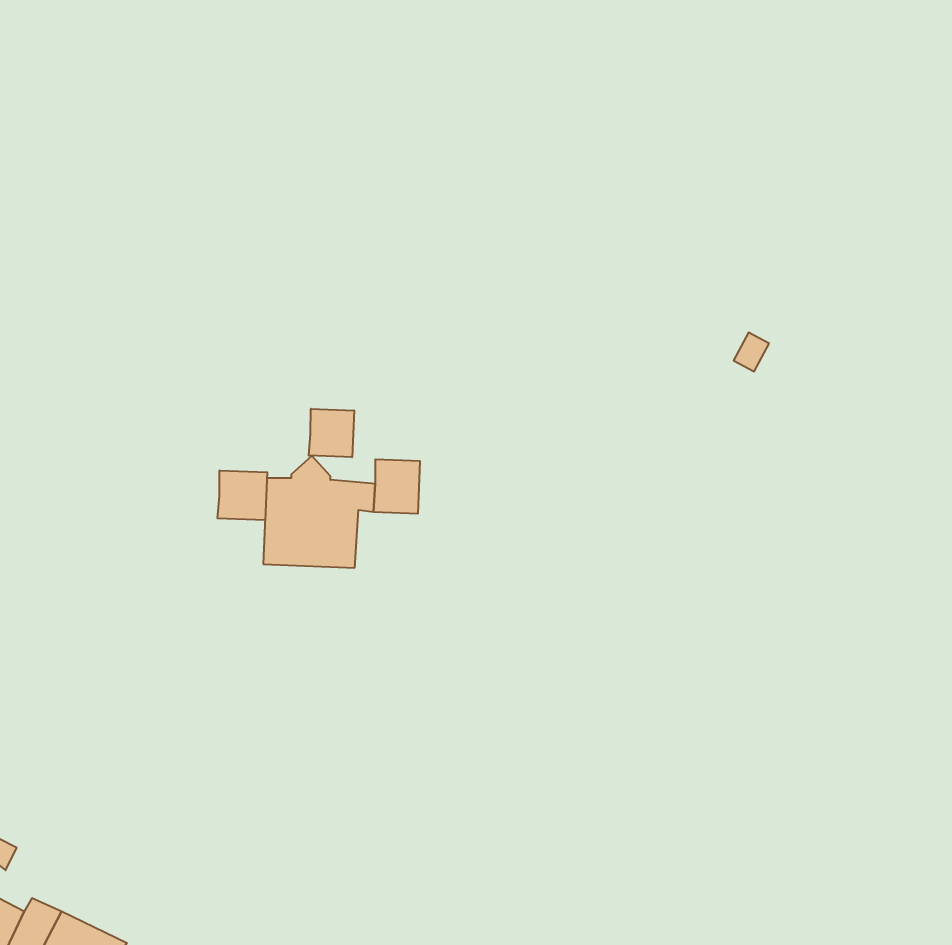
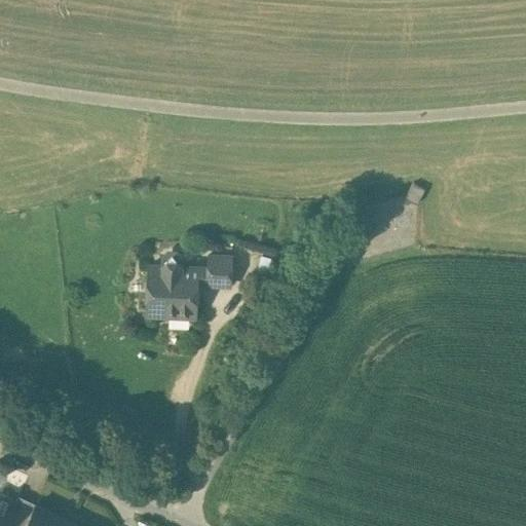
building: [309,409,354,457] -> none
building: [218,470,267,520] -> none

